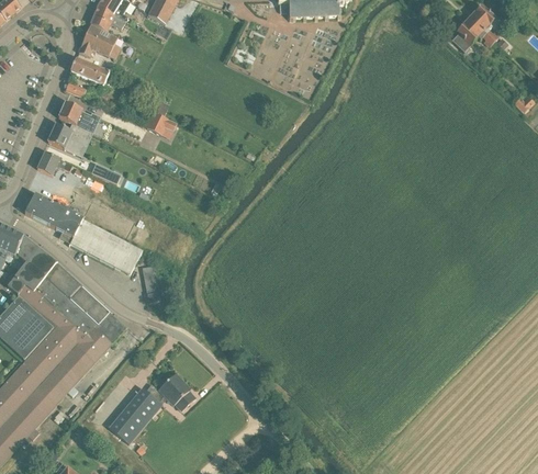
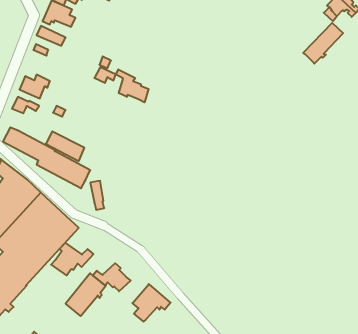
building: none -> [303,23,343,64]
building: [58,102,96,133] -> none
building: none -> [116,69,149,102]
building: none -> [51,243,93,275]
building: none -> [132,284,171,322]

